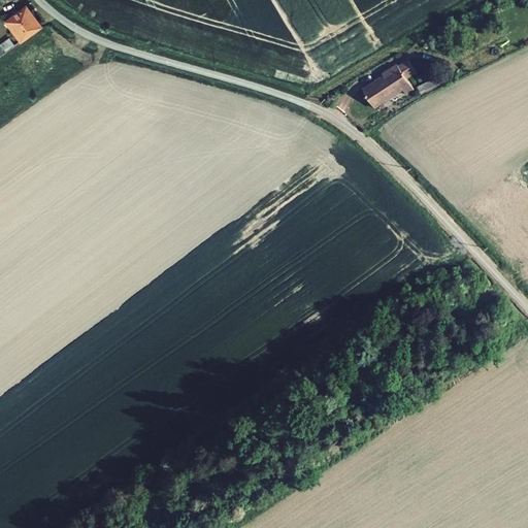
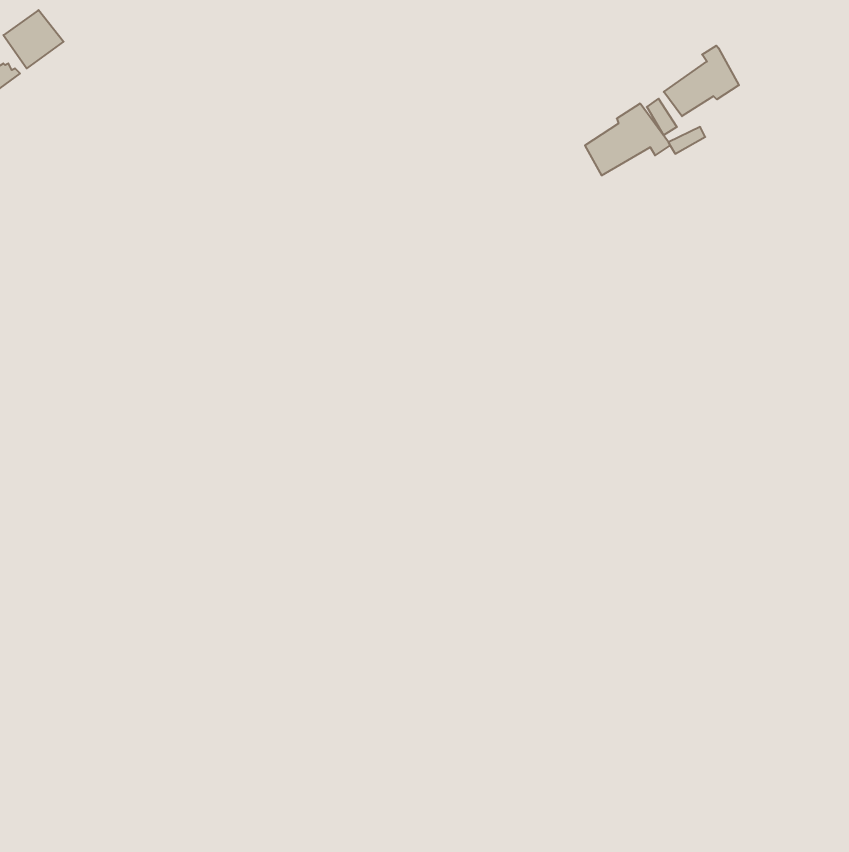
building: none -> [664,46,739,116]

